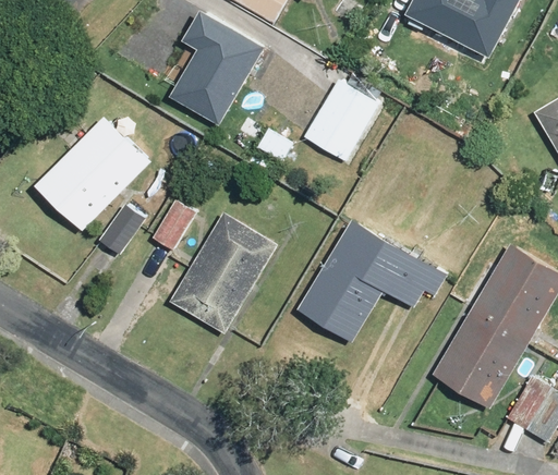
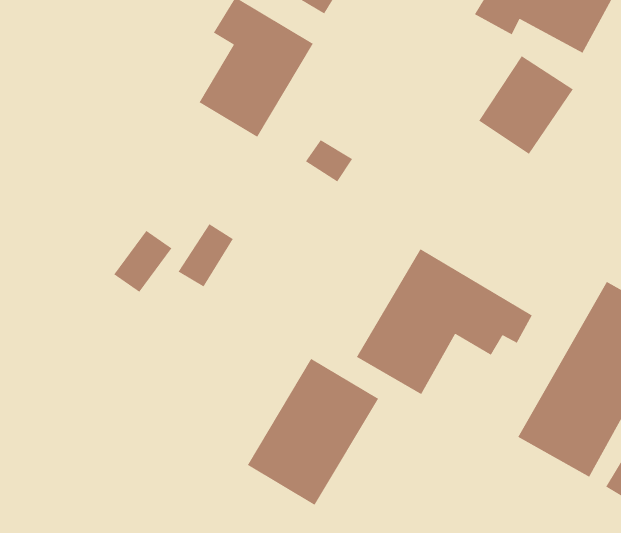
building: [303,80,383,162] -> [478,55,574,155]
building: [34,117,150,234] -> none
building: [168,212,278,336] -> [247,358,379,506]

